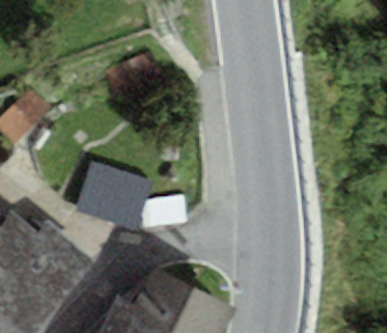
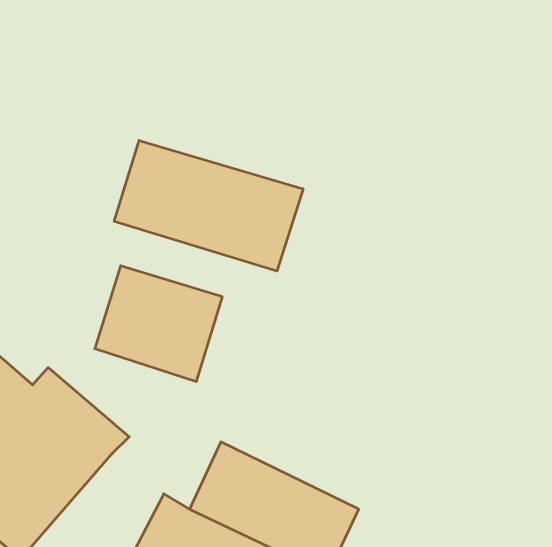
building: none -> [114,140,303,271]

